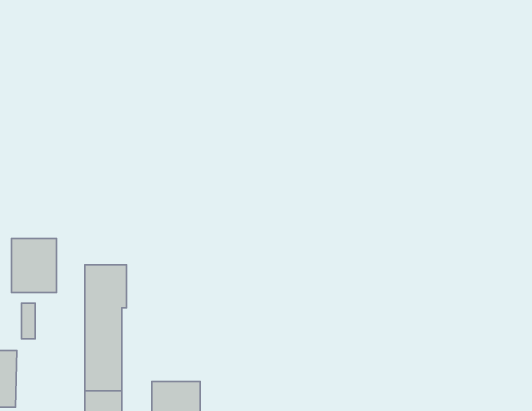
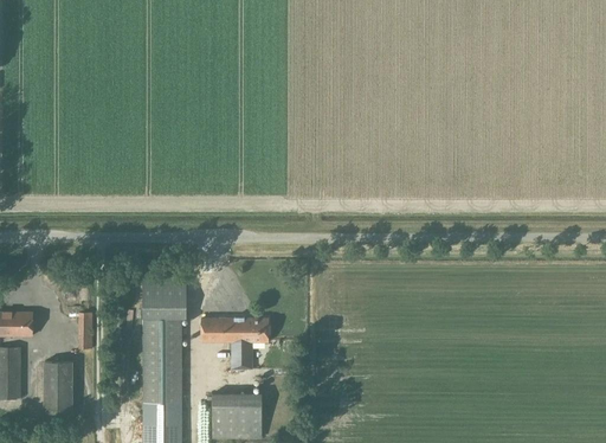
building: [12,239,56,293] -> none
building: none -> [201,319,267,370]

